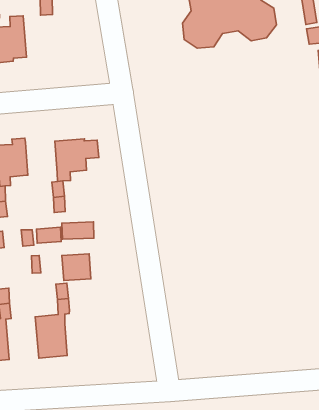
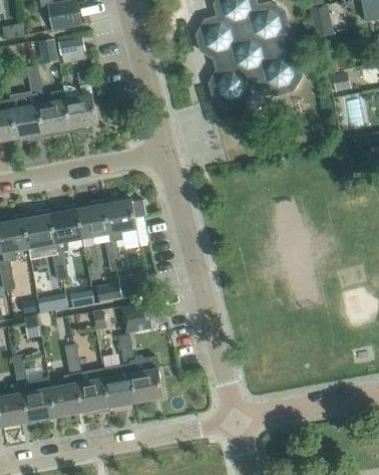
building: none -> [62,85,97,129]
building: none -> [77,200,109,247]
building: none -> [129,355,163,402]
building: none -> [75,369,109,416]

